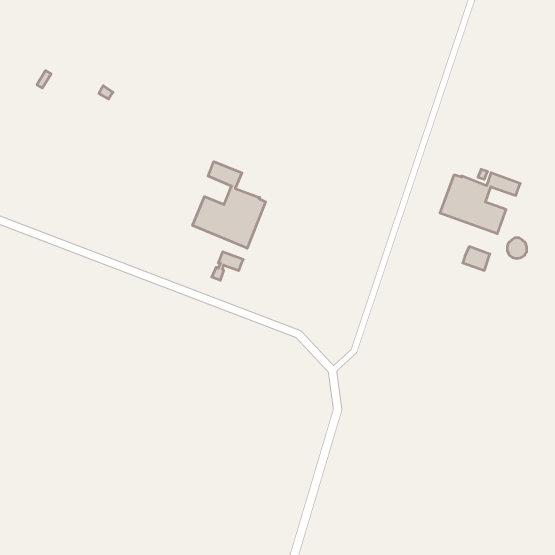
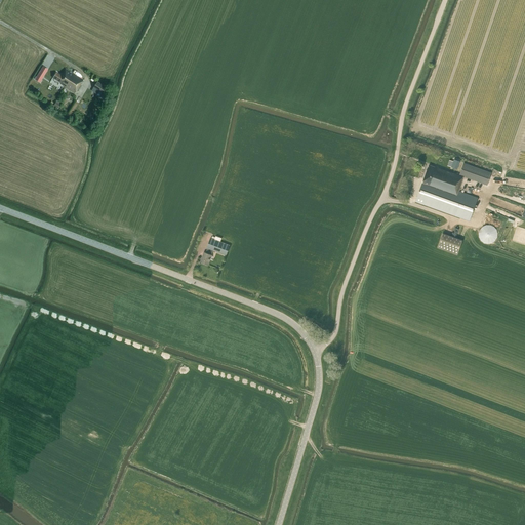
building: none -> [53,69,84,93]
building: [193,162,266,248] -> none

